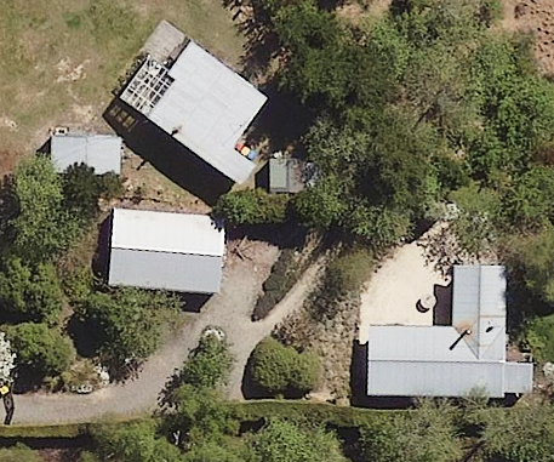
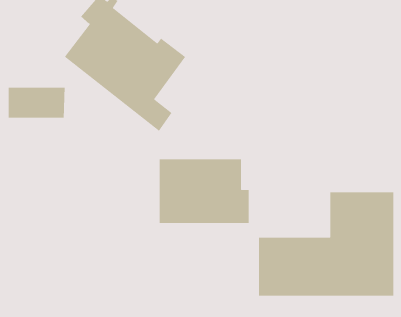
building: [108,209,222,291] -> [159,158,250,224]

